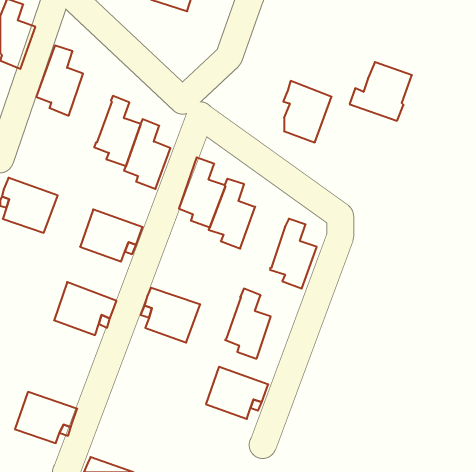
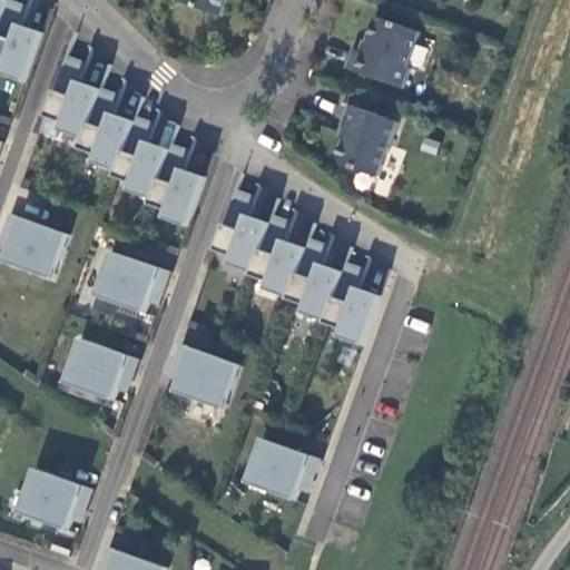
building: [350,62,412,121] -> [344,11,419,81]
building: none -> [78,87,134,170]
building: [225,289,271,358] -> [286,237,341,321]

